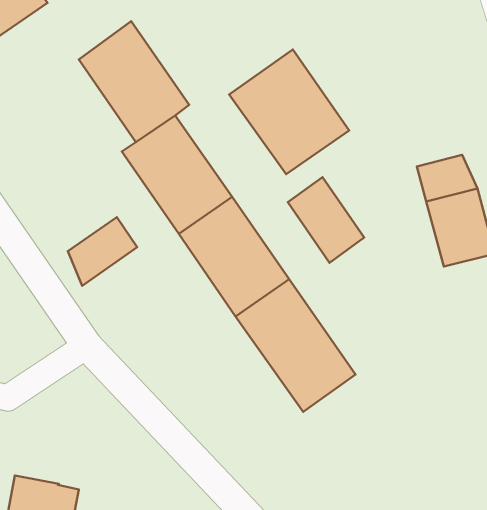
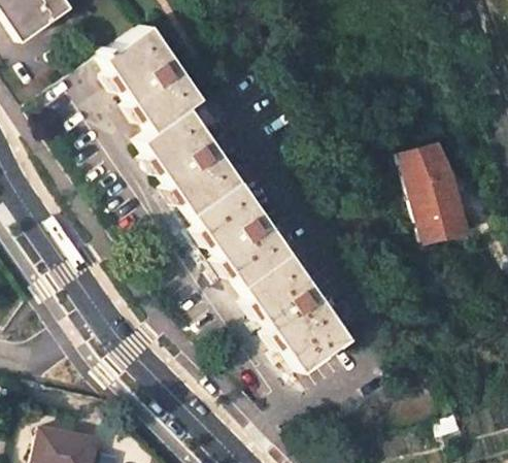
building: [229,50,349,174] -> none
building: [288,177,364,263] -> none
building: [68,217,137,286] -> none

